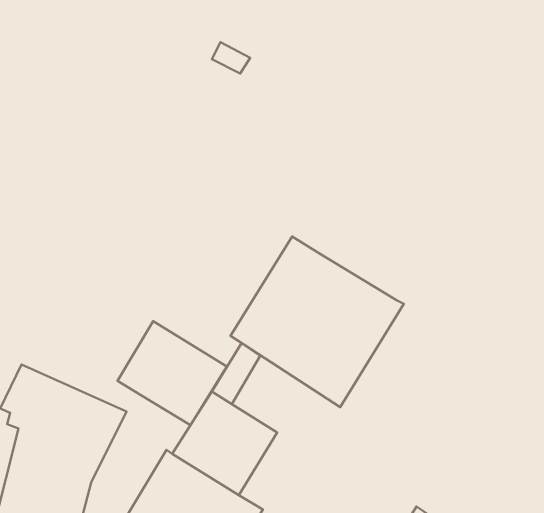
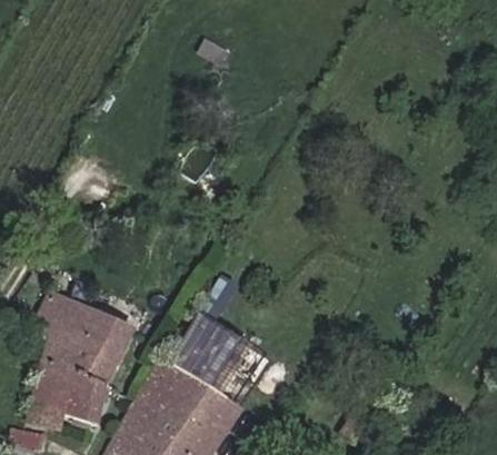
building: [231,236,404,407] -> none
building: [117,321,227,425] -> none

